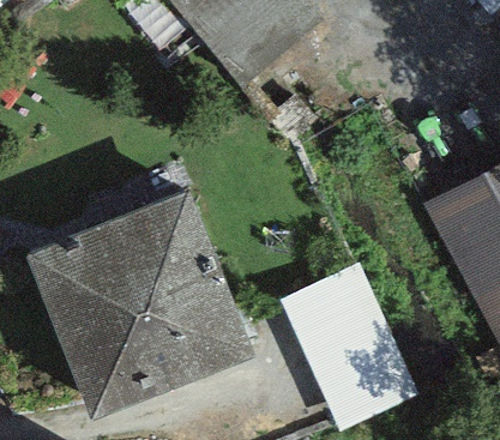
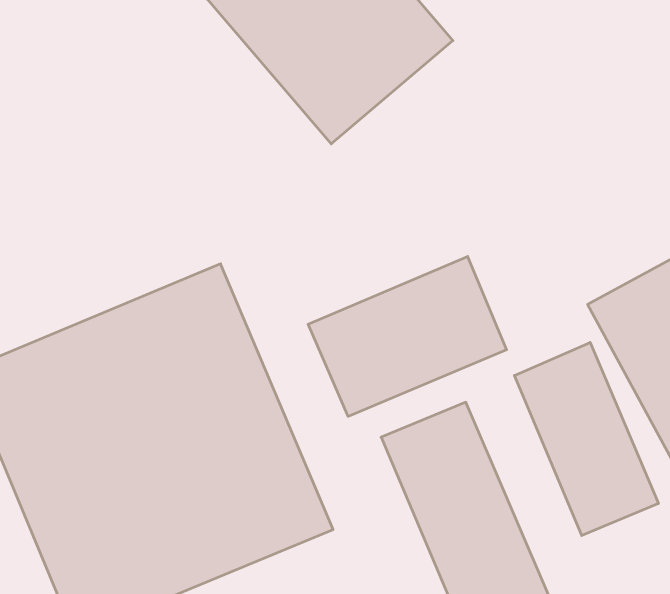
building: none -> [308,256,507,416]
building: none -> [514,342,658,536]

